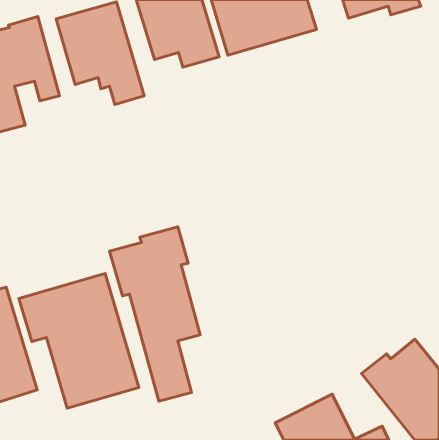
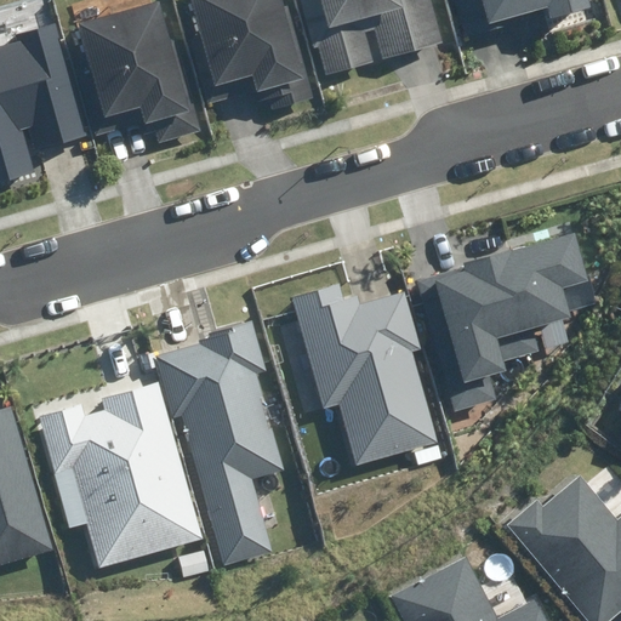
building: none -> [412,230,596,411]
building: none -> [279,285,437,467]

